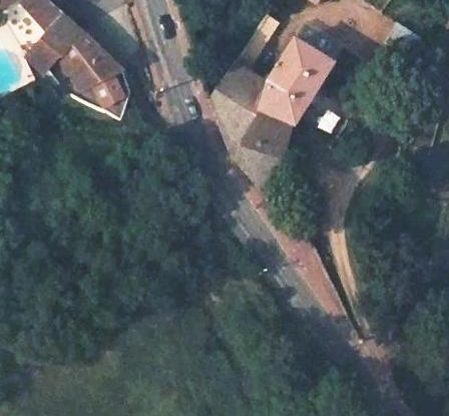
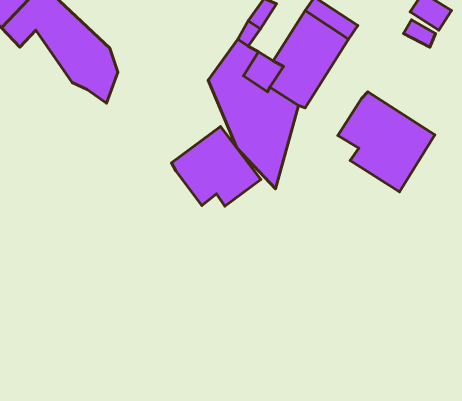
building: none -> [338,92,435,192]
building: none -> [172,127,261,206]

